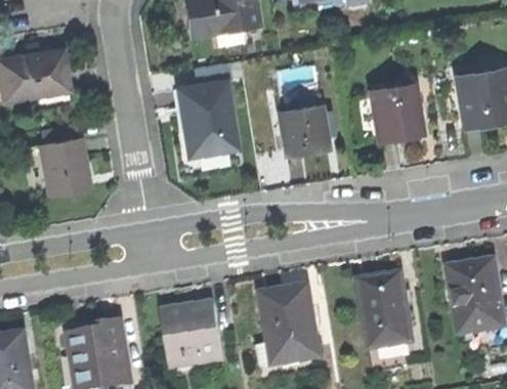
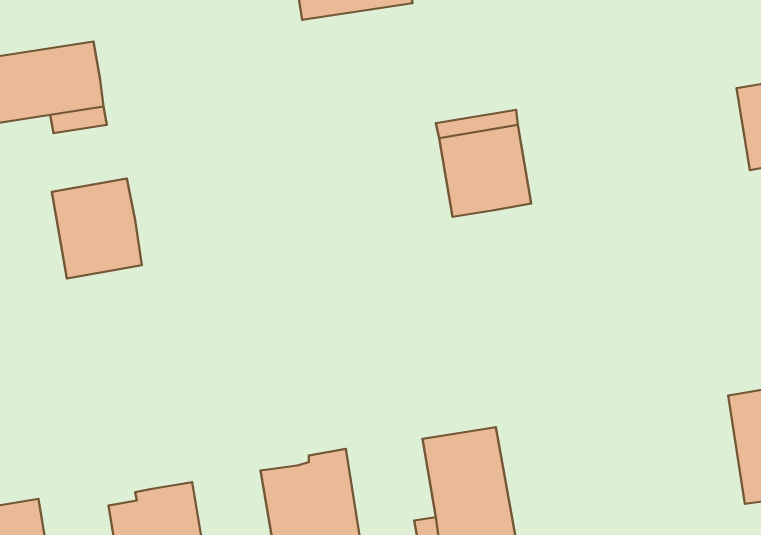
building: [176,80,238,158] -> none
building: [366,86,424,142] -> none
building: [360,272,414,348] -> none

